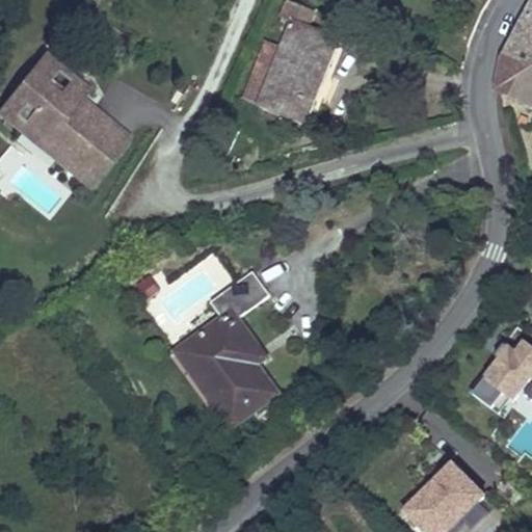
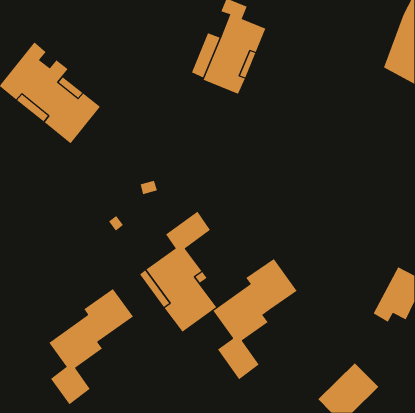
building: none -> [212,258,298,380]
building: none -> [48,288,134,405]

